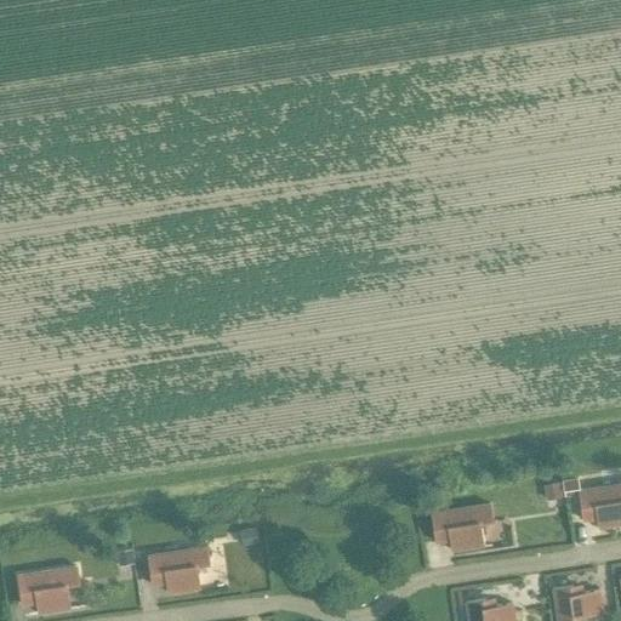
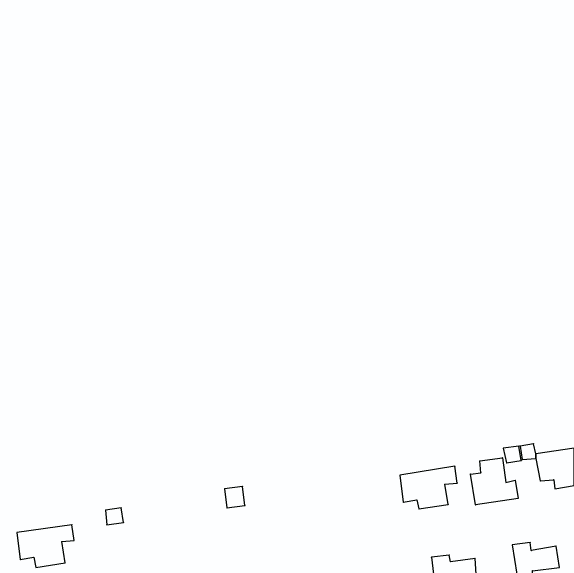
building: none -> [470,458,518,505]
building: [148,548,210,594] -> none

